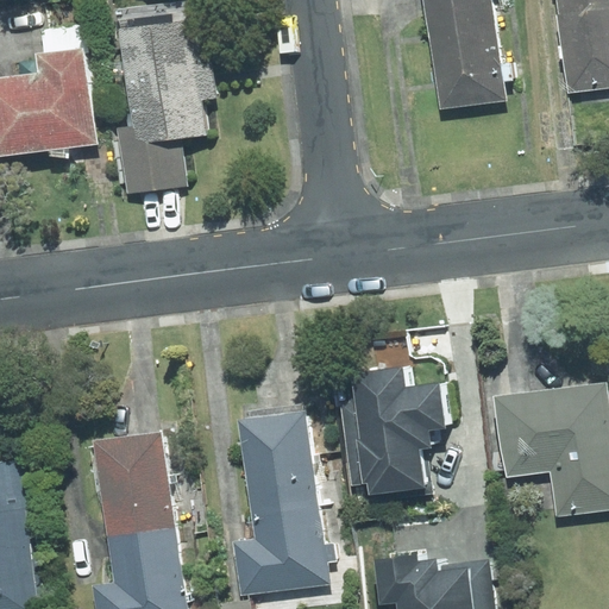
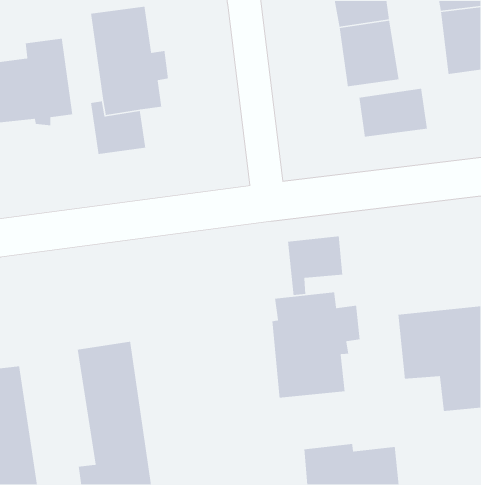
building: none -> [359,88,428,138]
building: none -> [287,236,343,296]
building: [239,407,332,595] -> none

